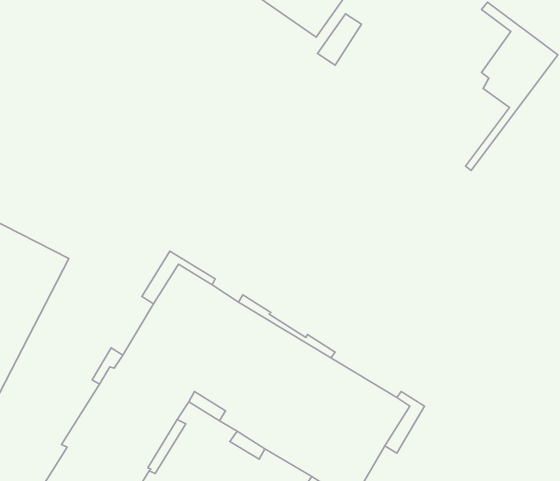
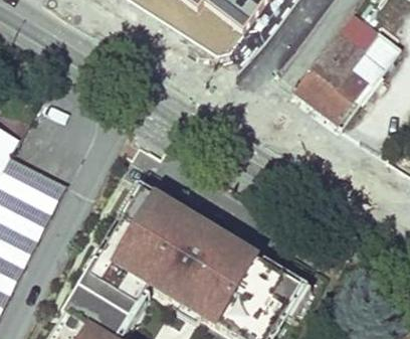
building: none -> [293,12,370,120]

